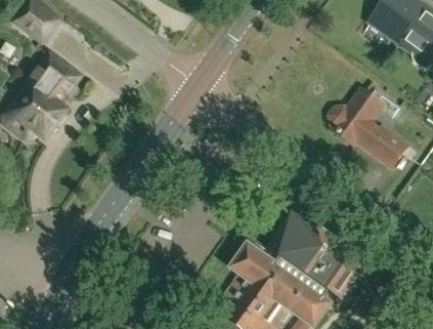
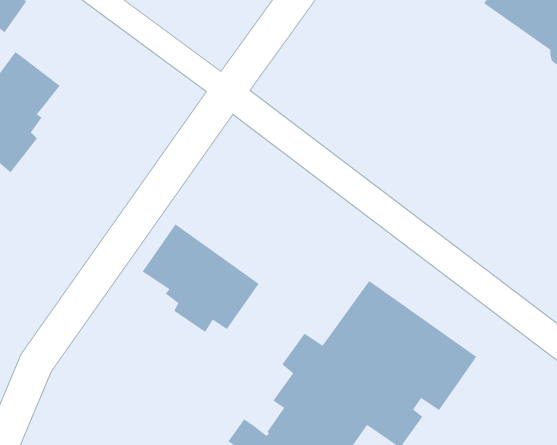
building: [332,88,408,167] -> none
building: none -> [142,224,259,333]

